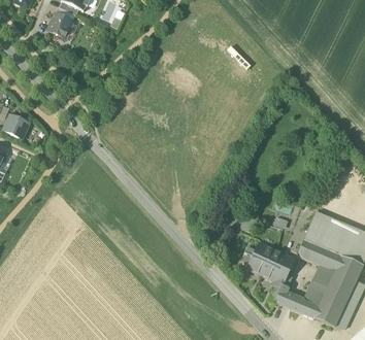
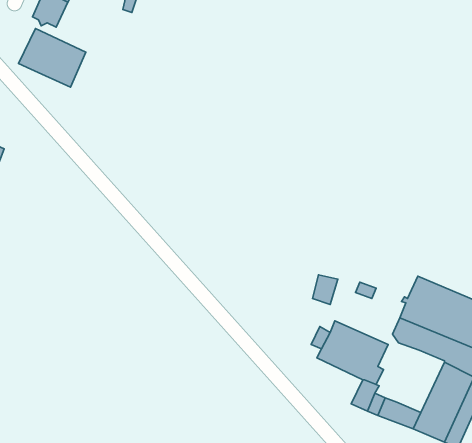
building: none -> [18,29,86,87]
building: [301,263,334,306] -> none

